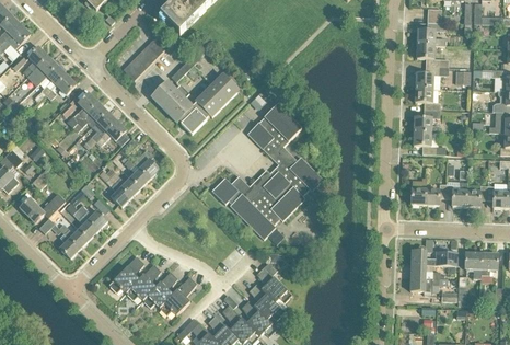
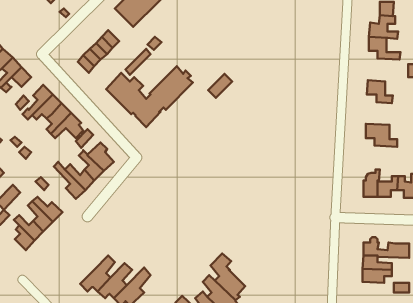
building: [415,65,447,88] -> none
building: [211,103,323,243] -> none
building: [413,108,439,131] -> none
building: [108,254,143,291] -> none

